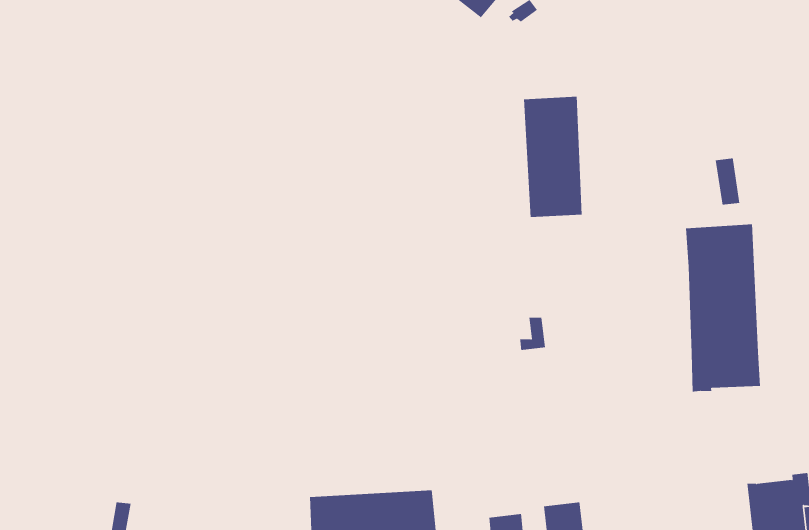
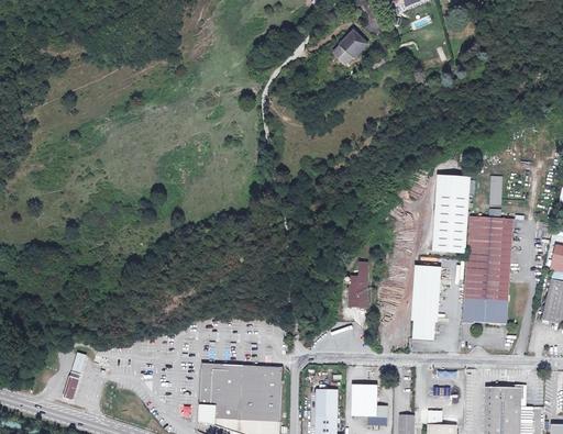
building: [523,96,582,217] -> [428,175,467,254]
building: none -> [411,264,443,338]
building: none -> [349,282,366,307]

